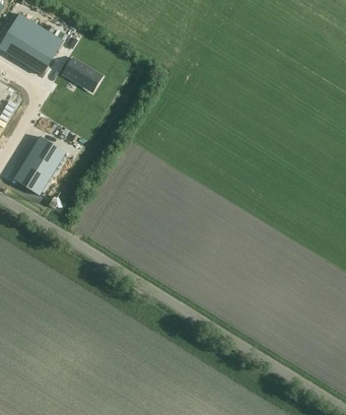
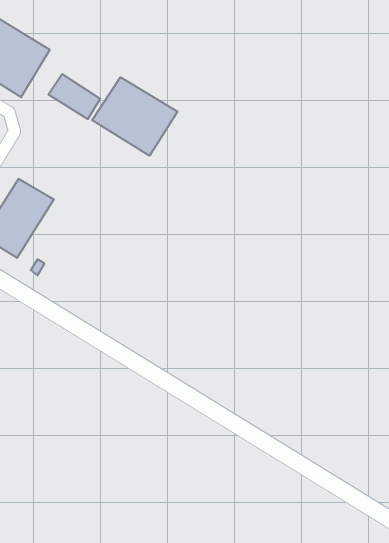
building: none -> [92,77,177,156]

